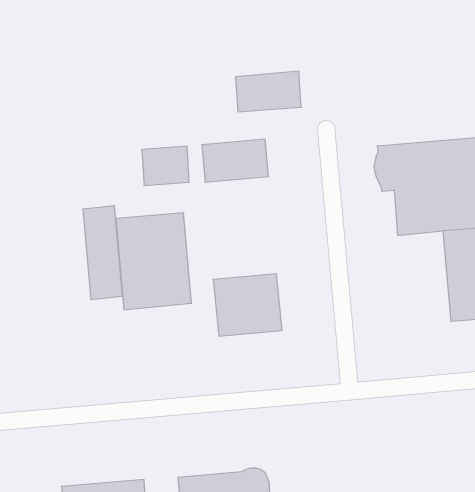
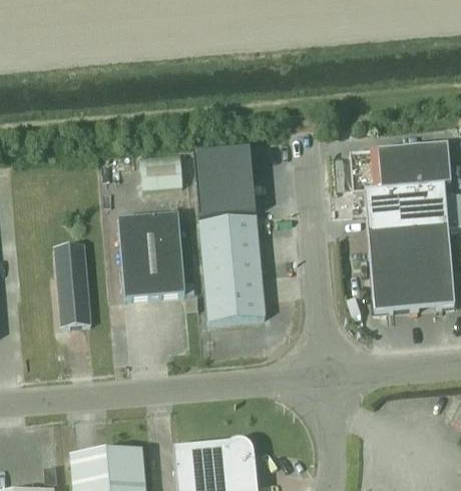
building: [236,71,301,112] -> [196,178,255,214]
building: [83,206,122,300] -> [55,241,90,325]
building: none -> [198,214,260,270]
building: none -> [367,226,414,311]

